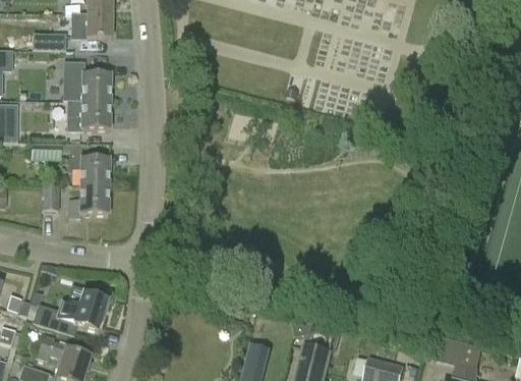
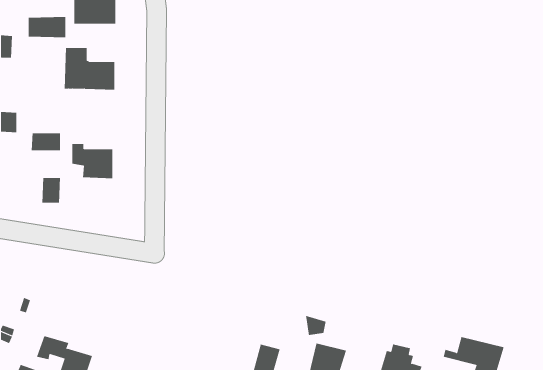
building: [67,100,112,131] -> none
building: [69,184,110,216] -> none
building: [34,288,108,335] -> none

